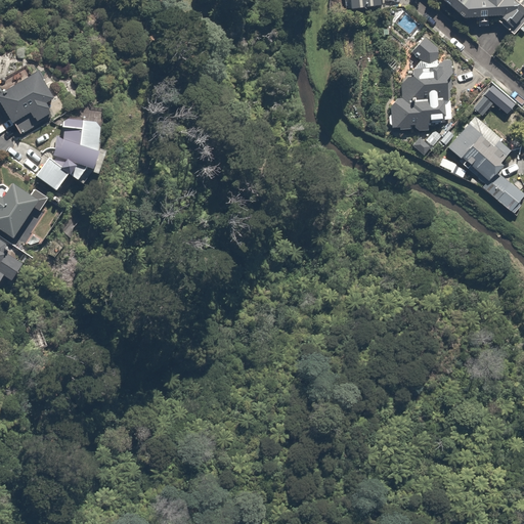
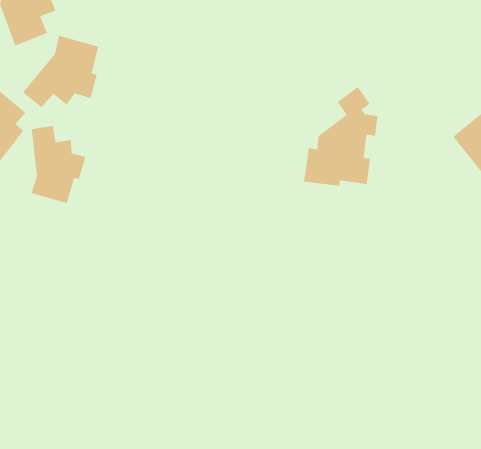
building: [390,33,451,131] -> [303,86,378,186]
building: none -> [31,125,86,204]

